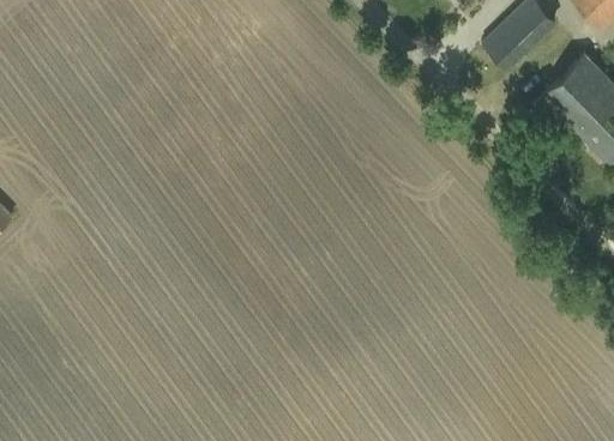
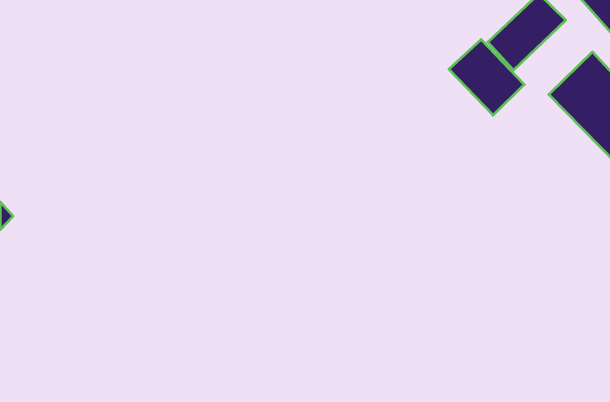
building: none -> [449,39,524,115]

